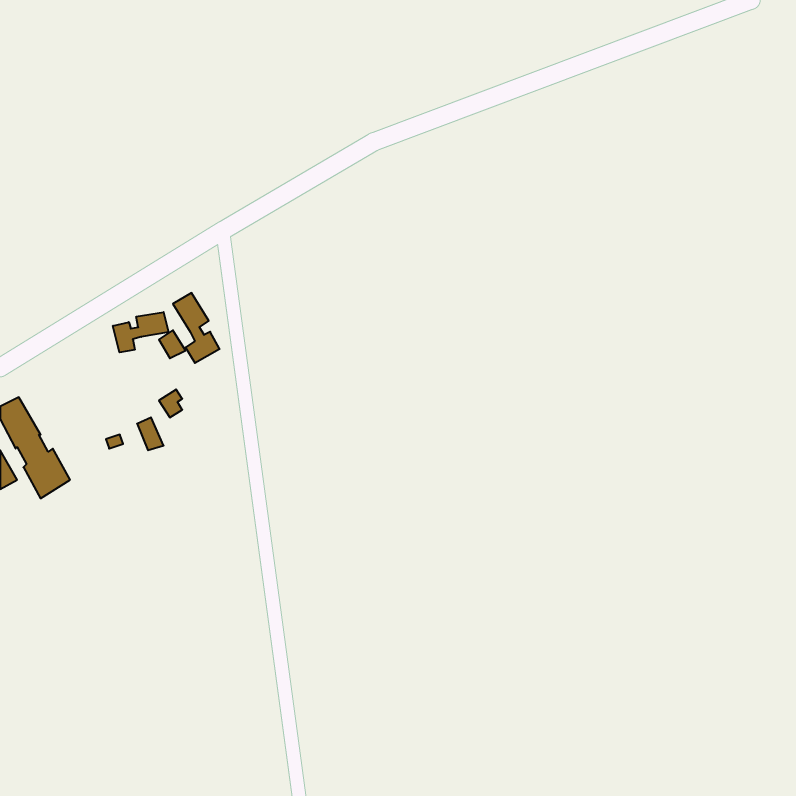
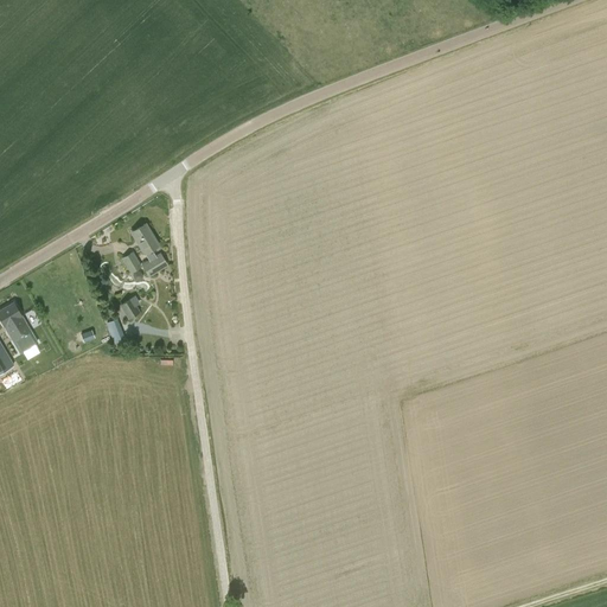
building: [113,312,168,352] -> none

